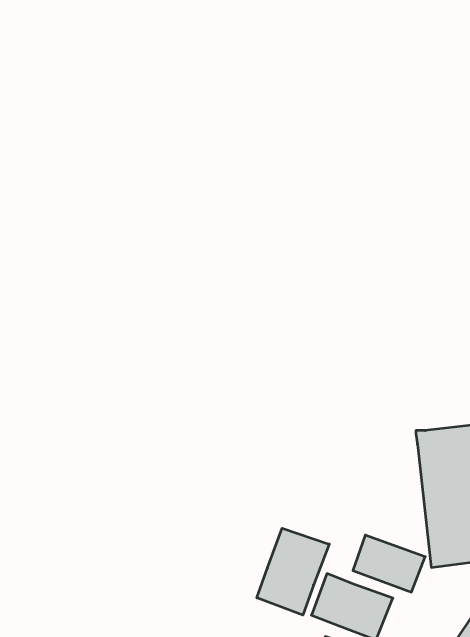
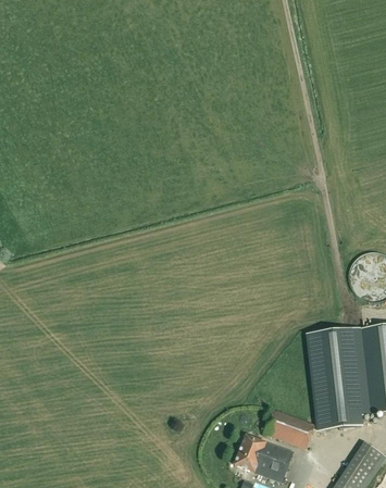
building: [257,528,329,615] -> none

